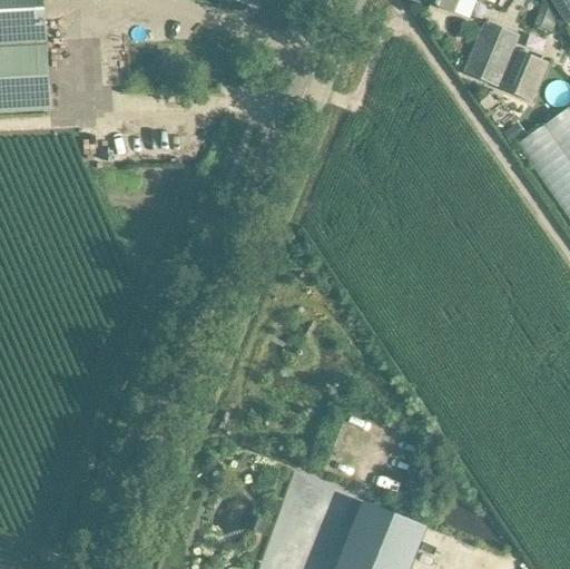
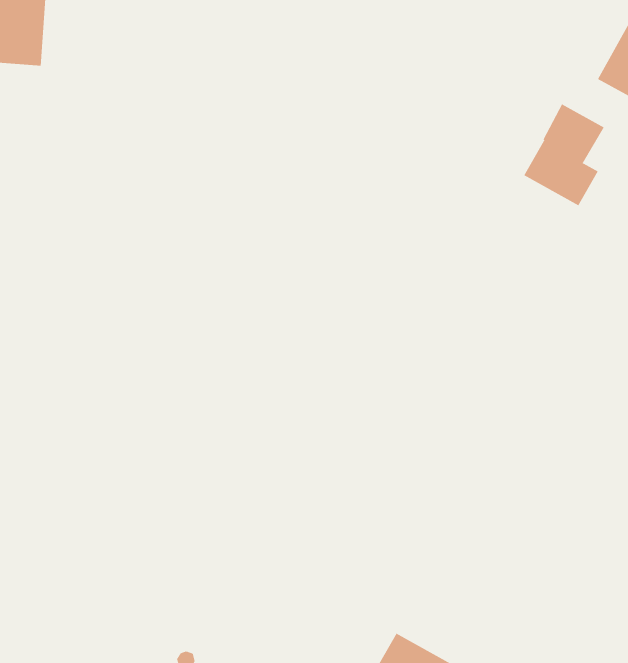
building: none -> [524,104,605,206]

